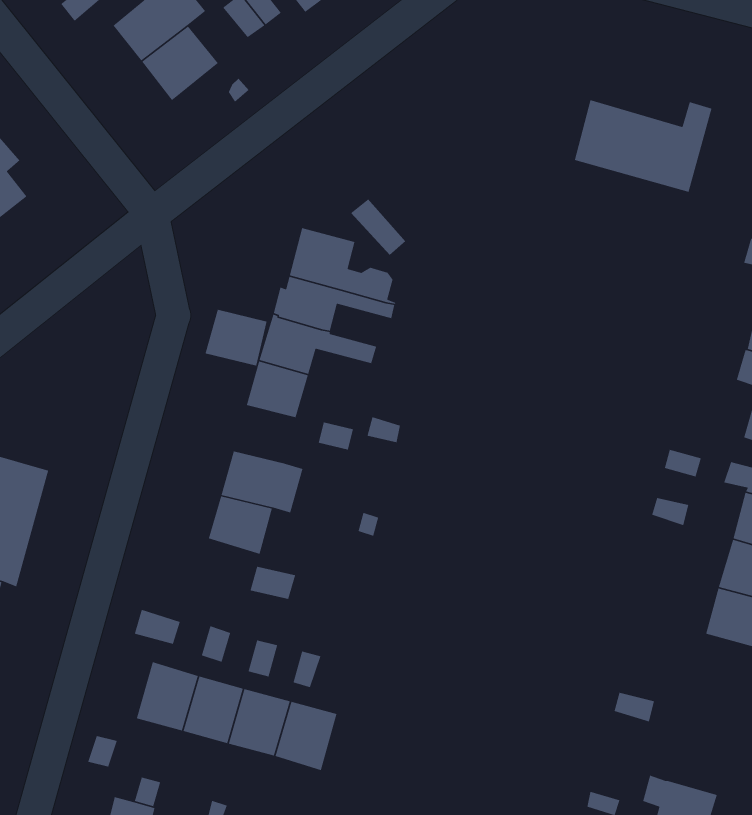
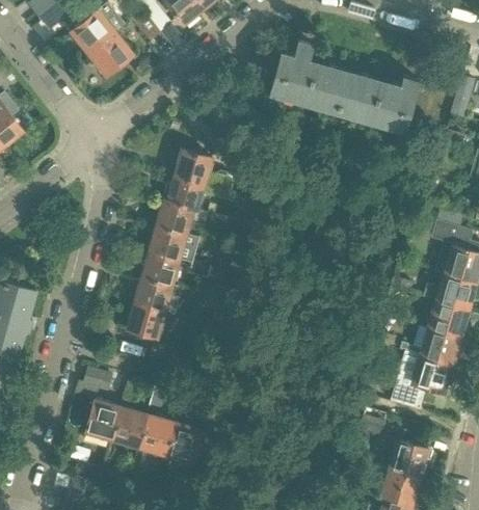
building: none -> [270,42,346,111]
building: [204,309,268,366] -> [140,252,177,286]
building: none -> [390,440,427,477]

